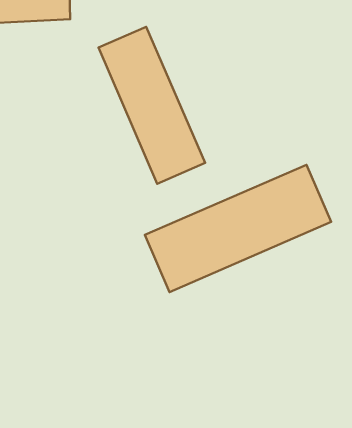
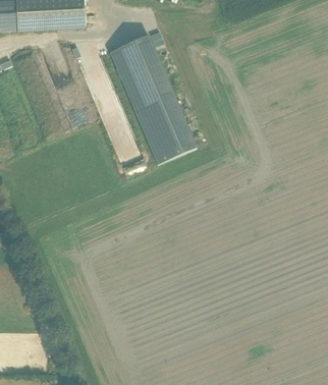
building: [145,165,331,292] -> none

